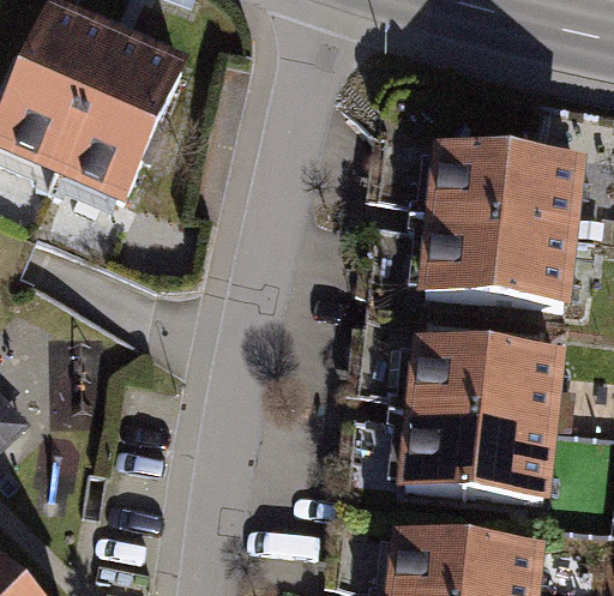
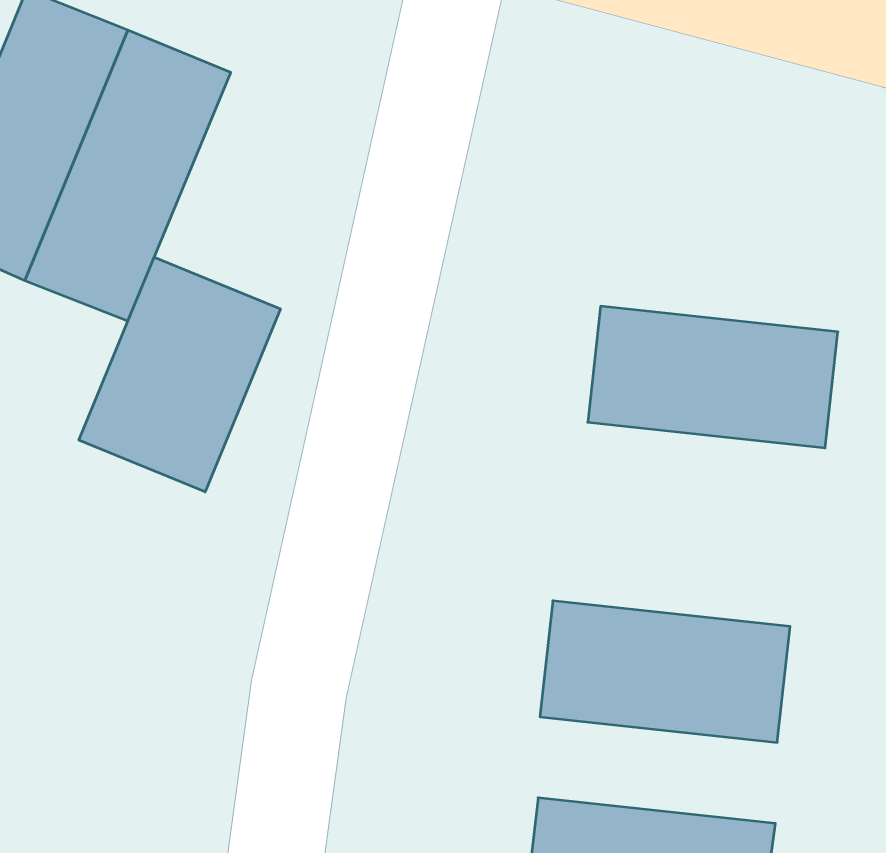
building: [426,137,588,224] -> none
building: none -> [79,257,280,492]
building: [395,329,556,416] -> none

